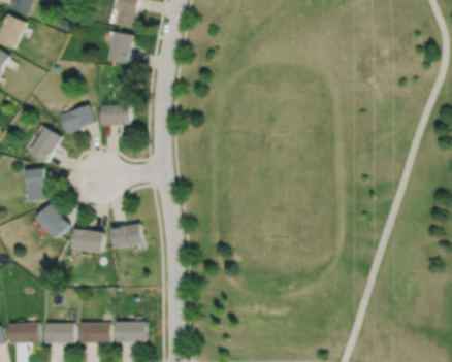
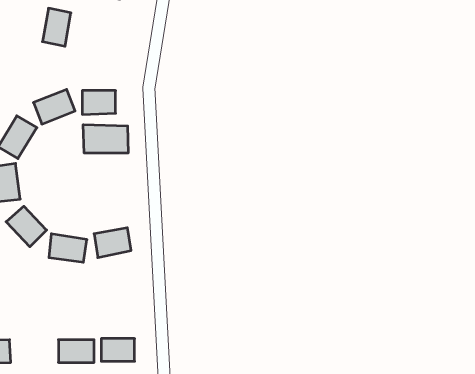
building: [106,32,131,65] -> [42,8,71,46]
building: none -> [83,125,128,153]
building: [44,322,73,342] -> none

